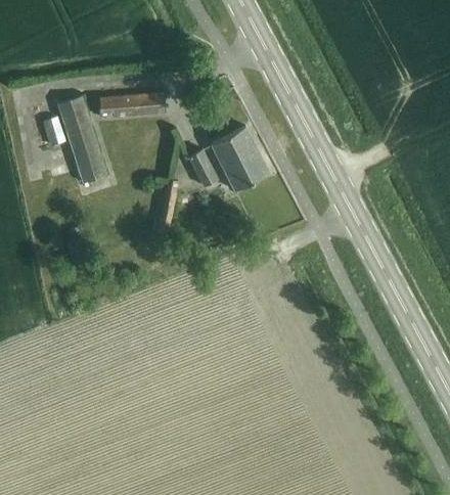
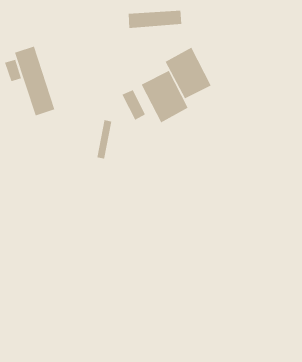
building: [99,93,166,116] -> [128,10,182,29]
building: none -> [165,47,212,99]

